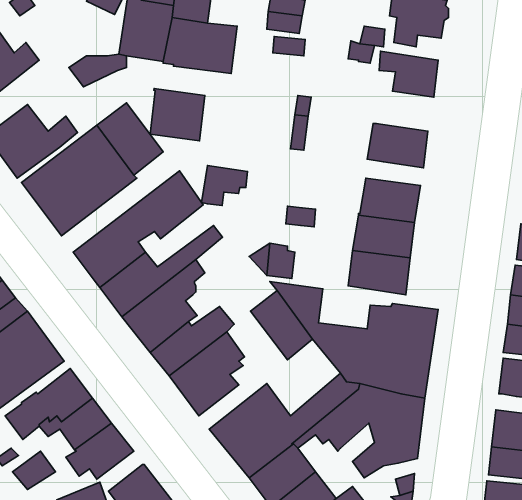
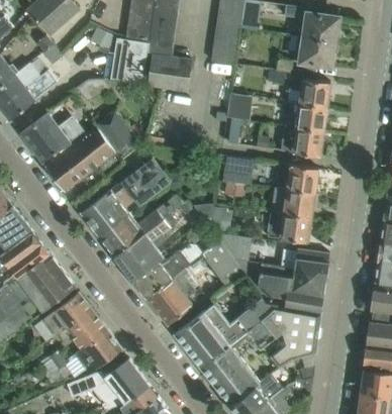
building: [150,89,205,141] -> none
building: none -> [287,102,326,130]
building: [202,165,247,205] -> [222,156,254,183]

